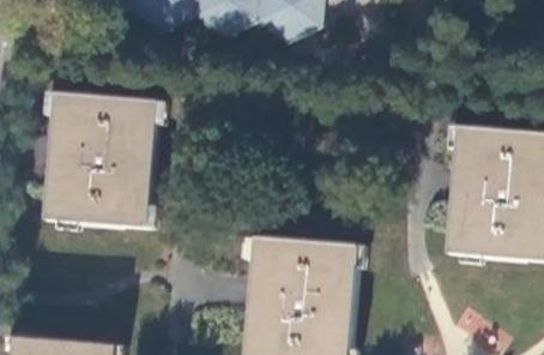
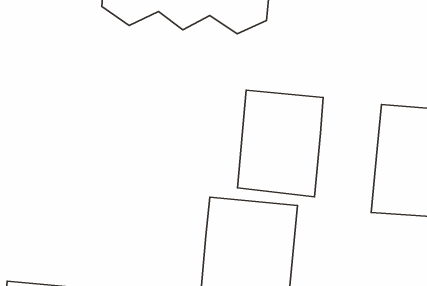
building: [44,92,161,228] -> none
building: none -> [238,90,323,197]

